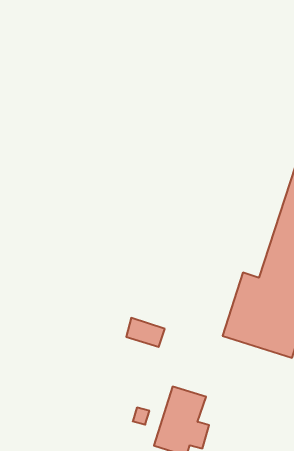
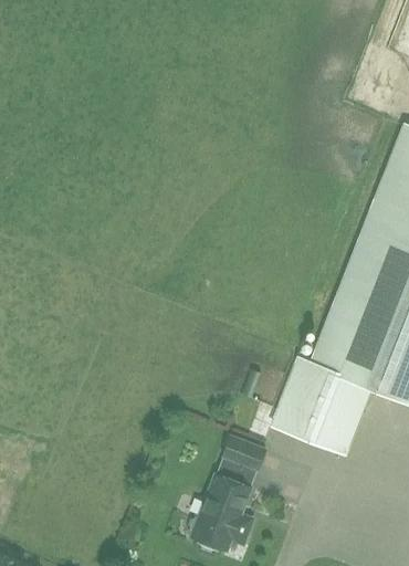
building: [126,318,165,347] -> [223,434,265,468]

